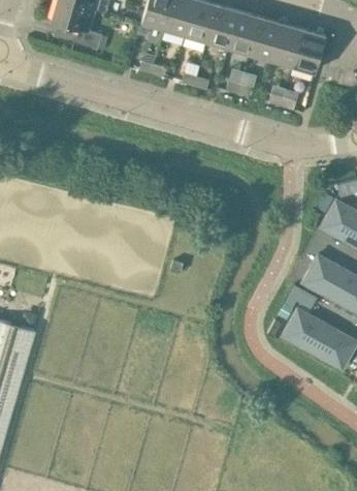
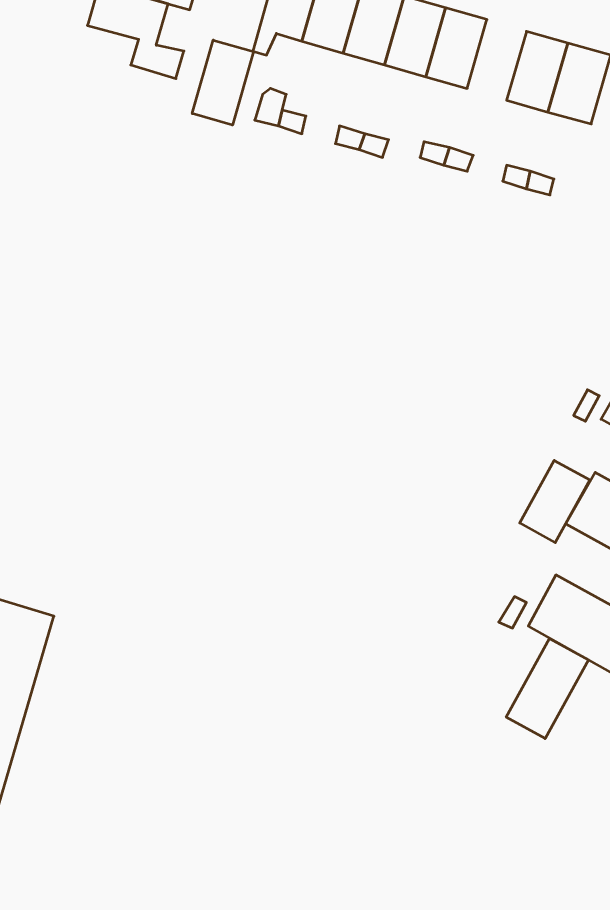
building: [251,18,282,60] -> none
building: none -> [192,40,253,125]
building: none -> [520,460,590,543]
building: none -> [506,638,589,739]

